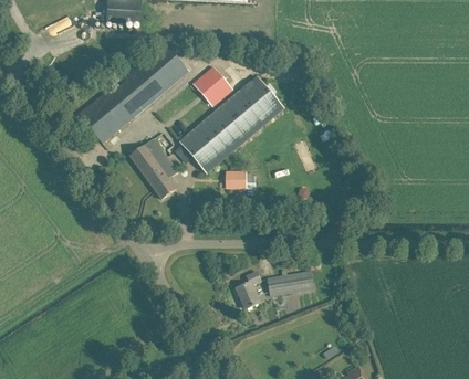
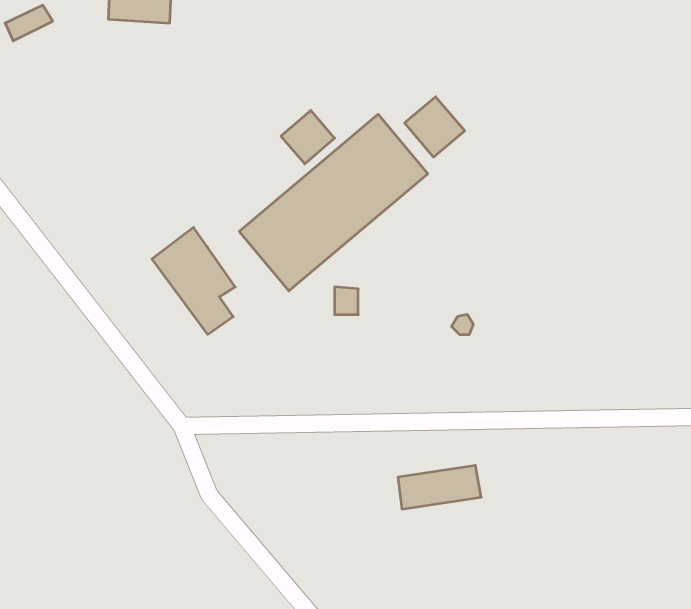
building: [77,45,188,143] -> none
building: none -> [405,97,465,157]
building: [236,271,260,308] -> none

